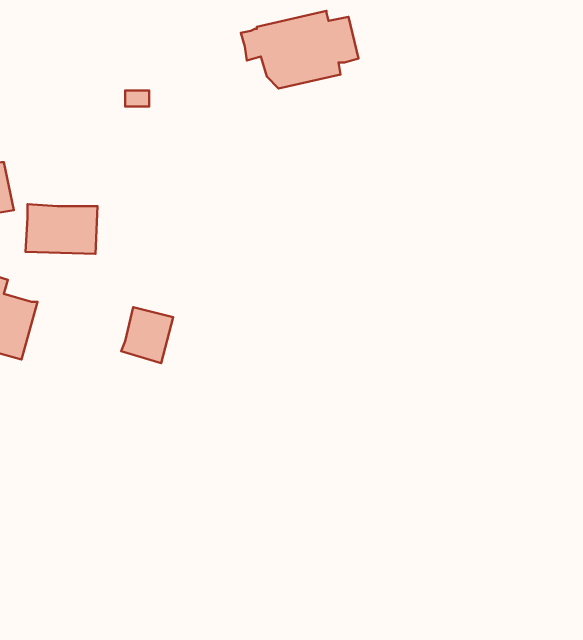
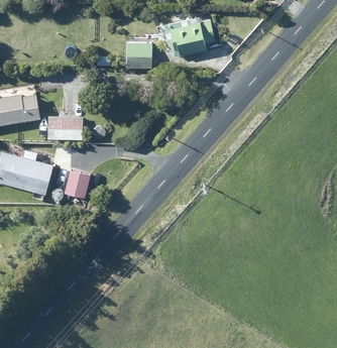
building: none -> [126,42,152,68]
building: [121,307,173,363] -> [64,170,90,199]

